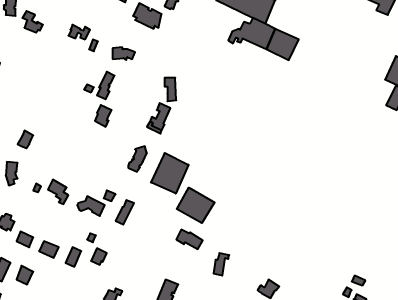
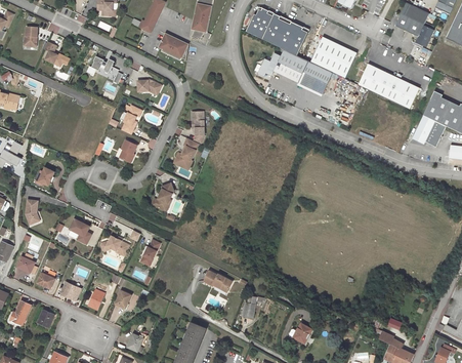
building: none -> [309,36,356,77]
building: none -> [358,63,418,107]
building: [151,153,189,194] -> none
building: [177,188,215,223] -> none

